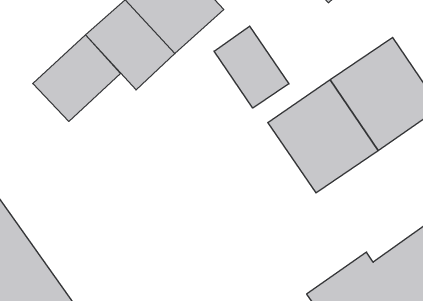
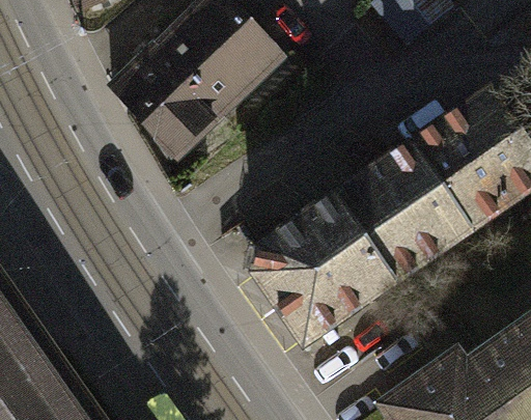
building: [214,26,289,108] -> none
building: [33,35,120,121] -> none
building: none -> [254,195,396,344]

